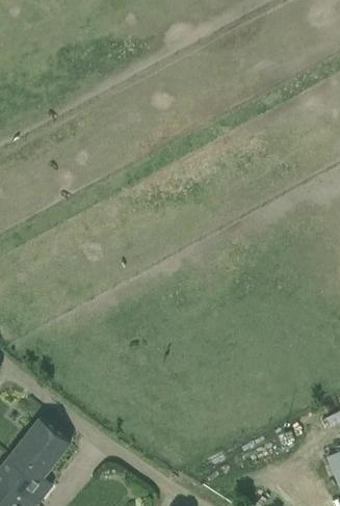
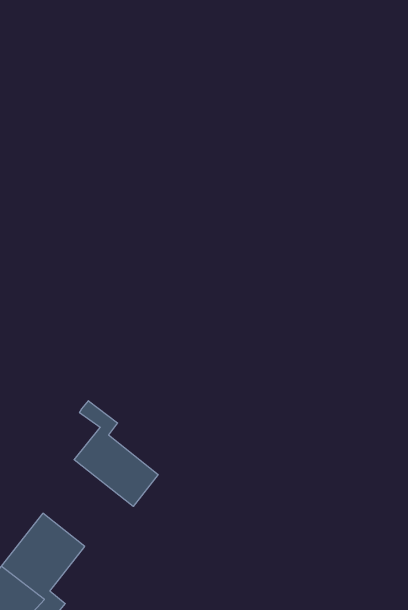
building: none -> [74,401,158,506]

